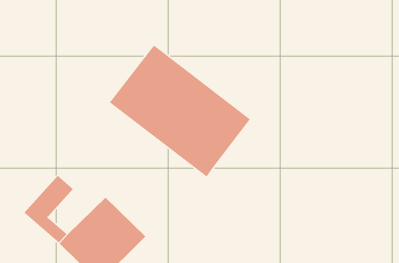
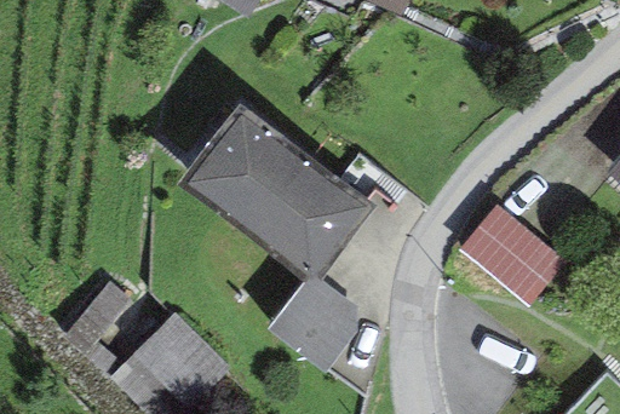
building: none -> [460,205,566,305]
building: none -> [266,272,358,369]

